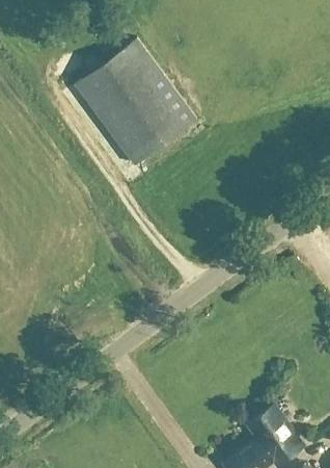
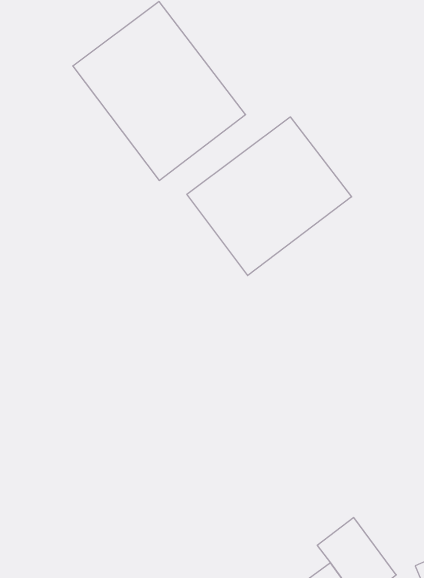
building: none -> [187,117,352,276]

